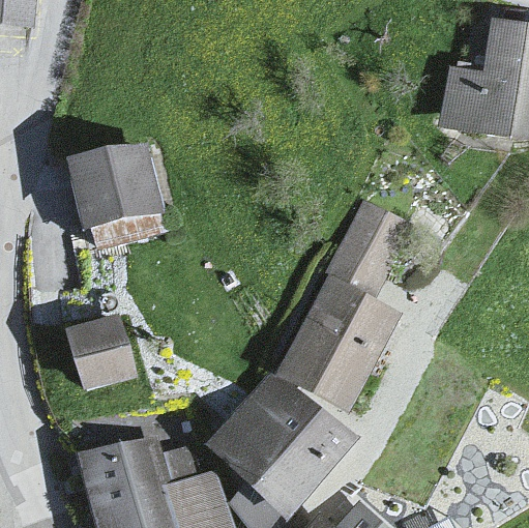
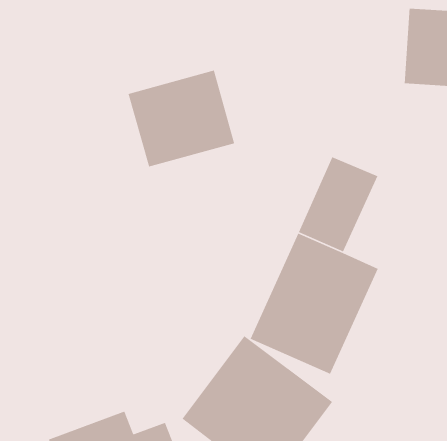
building: [63,148,164,238] -> [128,70,235,168]
building: [66,312,138,392] -> none

